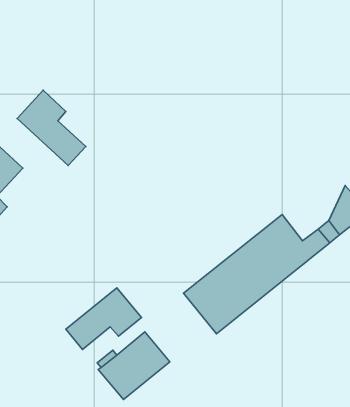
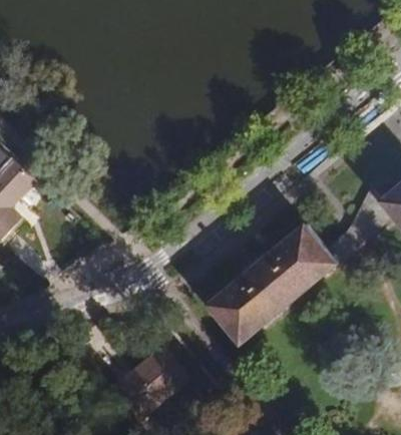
building: [17,90,86,166] -> none
building: [66,288,142,350] -> none

